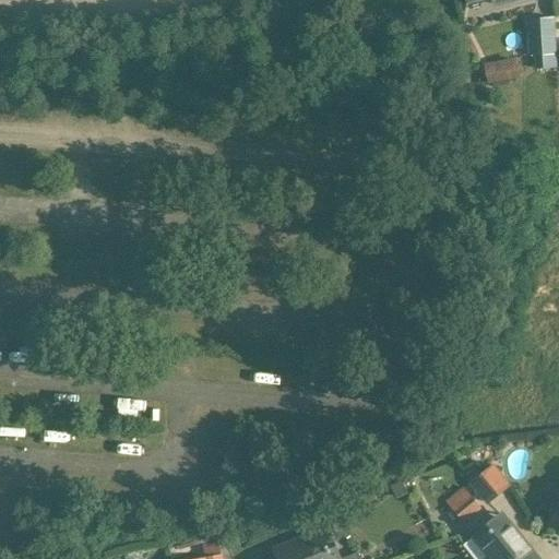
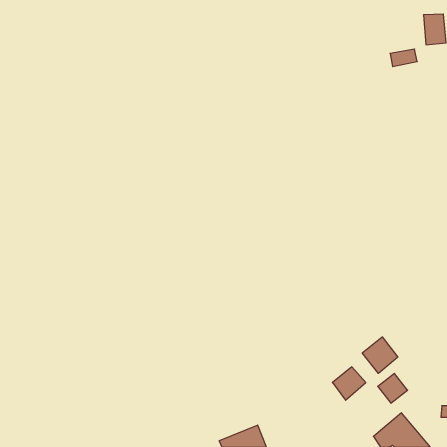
building: none -> [362,337,398,373]
building: [440,488,481,530] -> [332,367,366,400]

